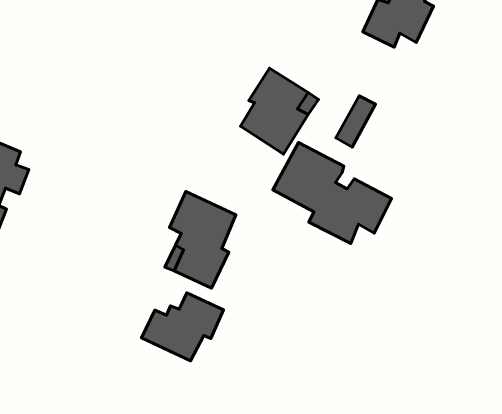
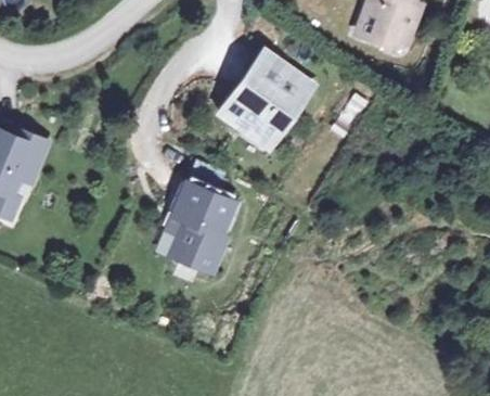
building: [273,143,391,243] -> none
building: [141,293,224,361] -> none

